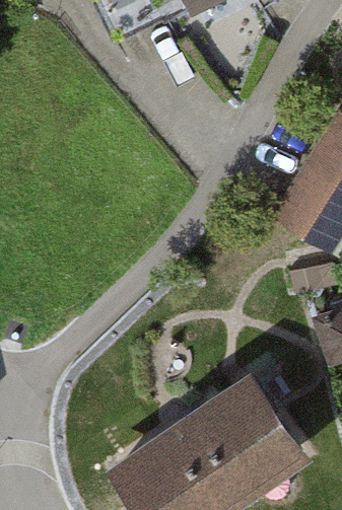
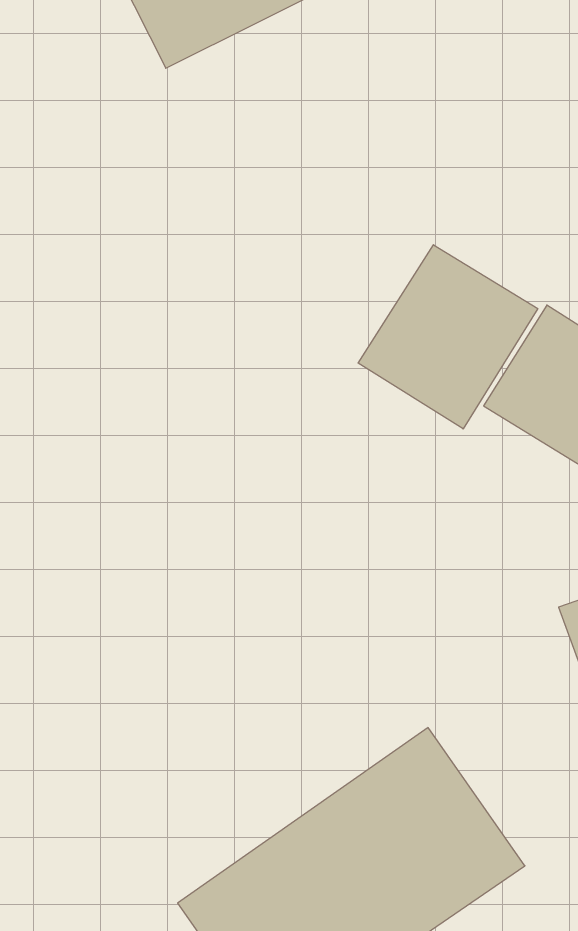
building: none -> [358,245,538,429]

